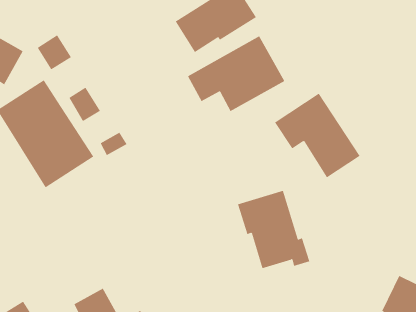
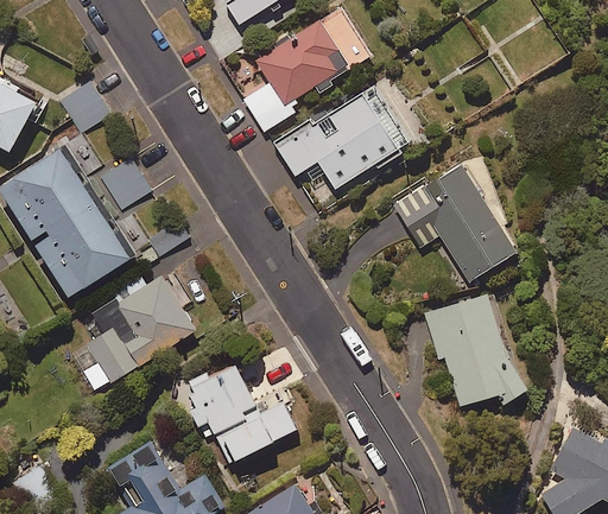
building: none -> [81,268,196,392]
building: [237,190,310,269] -> [422,293,526,406]
building: none -> [178,360,298,467]

